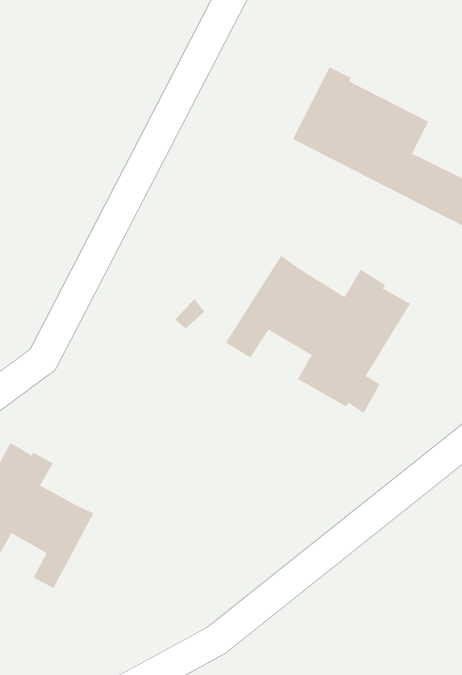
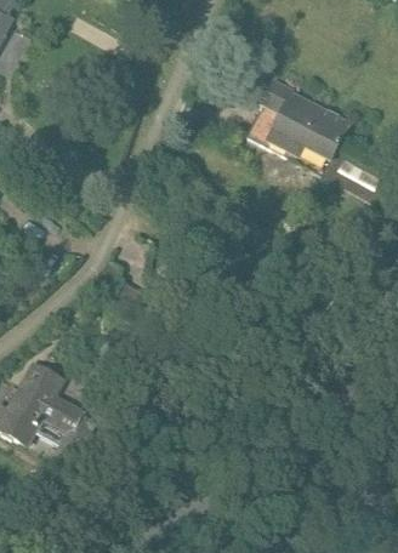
building: [225,255,411,414] -> none

